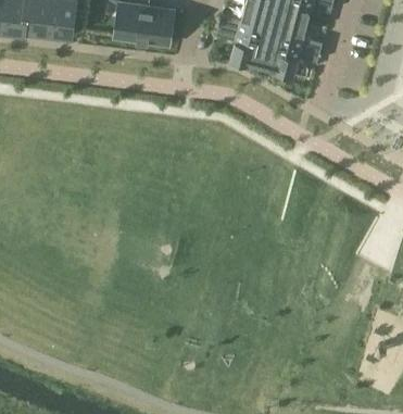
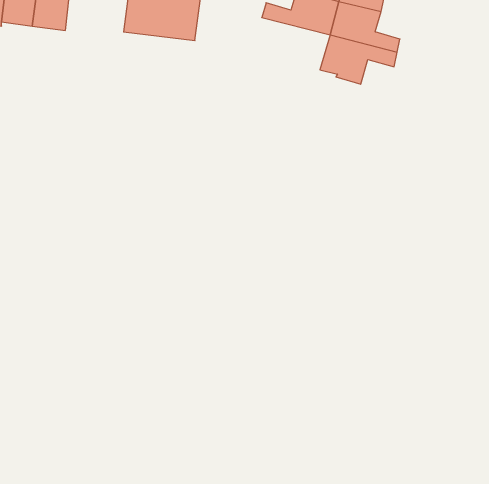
building: [217,25,270,65] -> none

